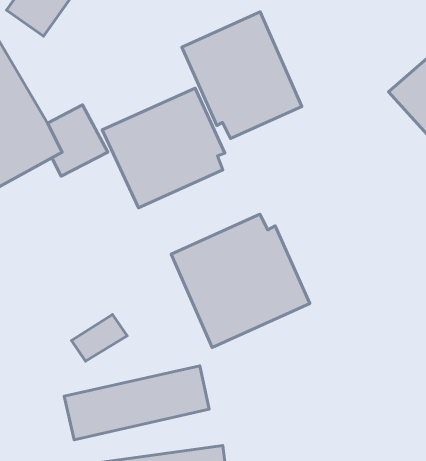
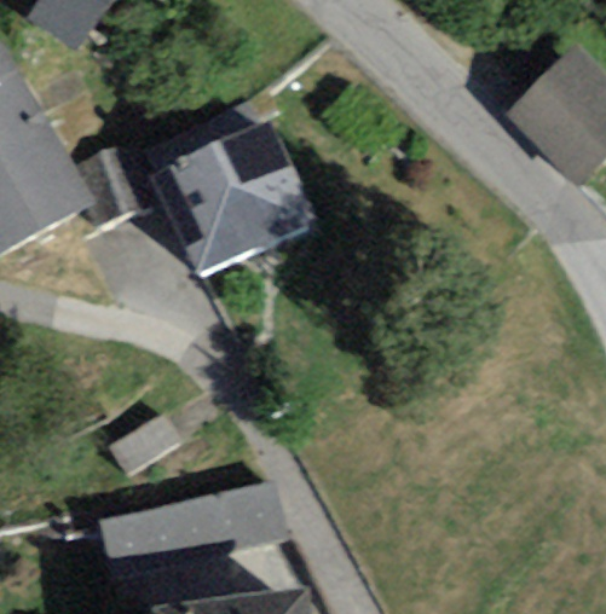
building: [182,12,302,139] -> none
building: [171,214,310,348] -> none

